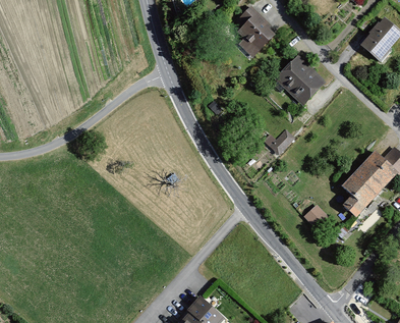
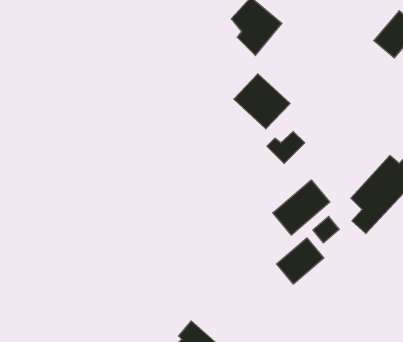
building: [273,57,323,106] -> [234,74,290,129]
building: none -> [273,180,330,235]
building: none -> [276,238,324,284]

